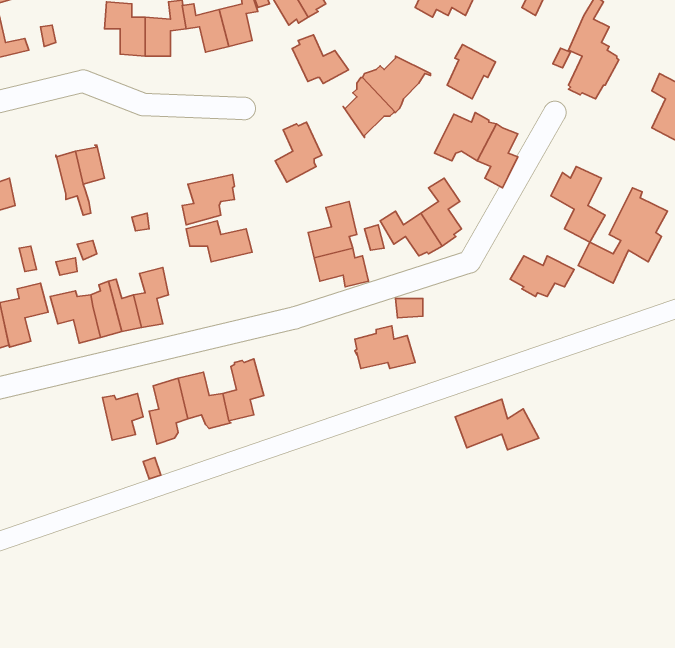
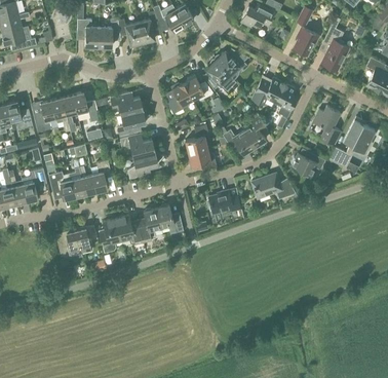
building: [292,35,349,83] -> [184,75,214,101]
building: [447,44,496,99] -> [294,27,319,55]
building: none -> [73,91,100,121]
building: none -> [111,92,145,115]
building: none -> [34,100,56,133]
building: none -> [127,151,158,179]
building: none -> [156,204,184,233]
building: none -> [55,228,81,254]
building: [455,399,539,450] -> [251,173,296,199]

